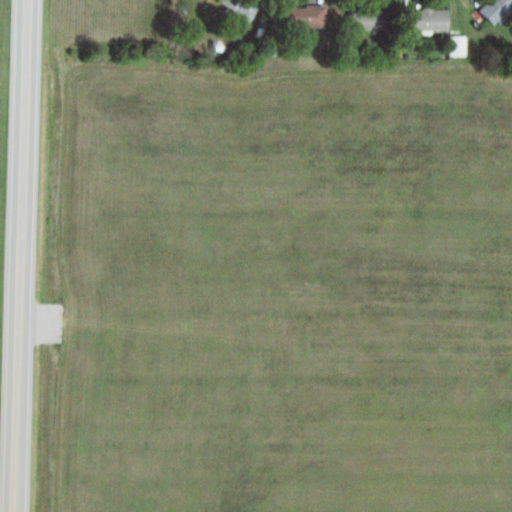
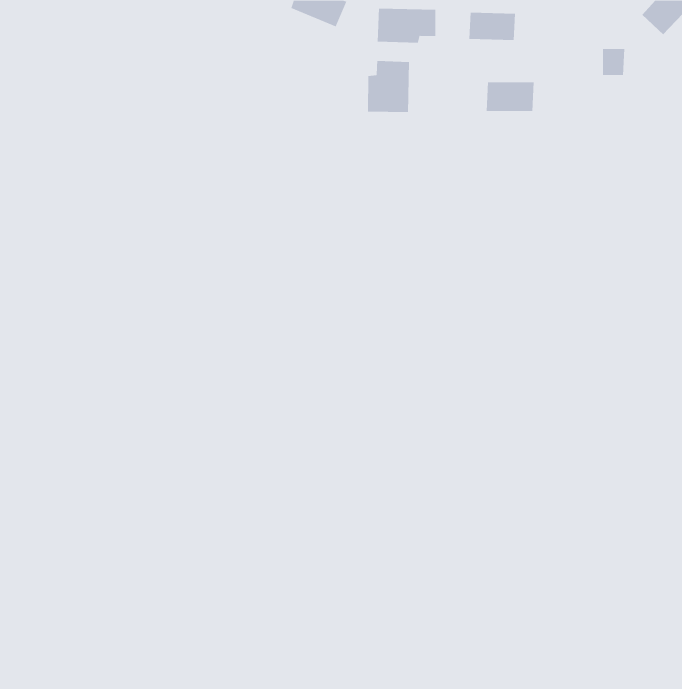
building: [415,10,451,32] -> [486,82,534,111]
building: none -> [367,60,410,113]

